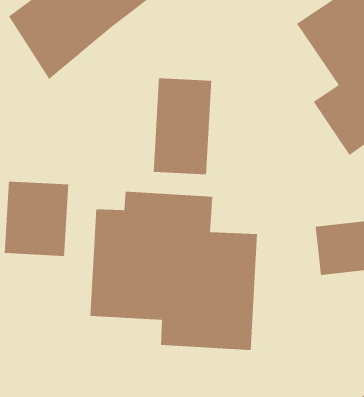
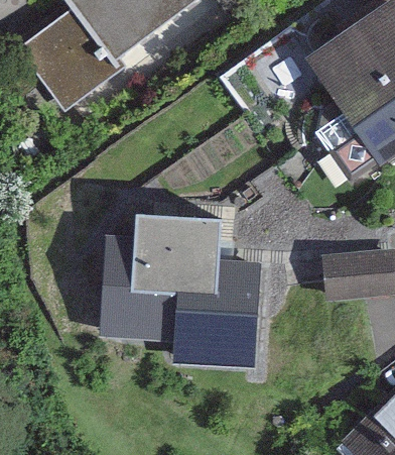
building: [153,77,212,175] -> none
building: [4,181,69,257] -> none

